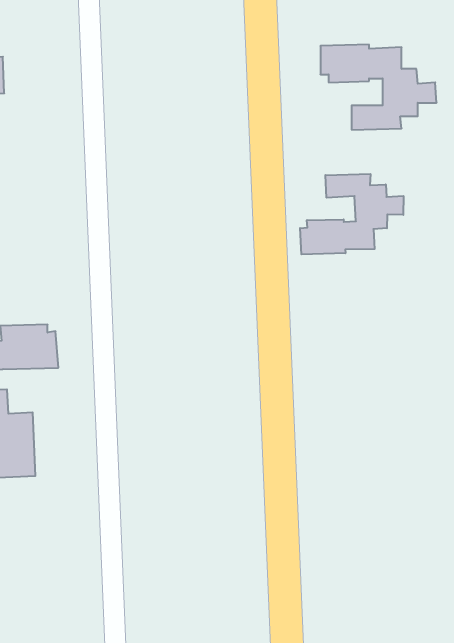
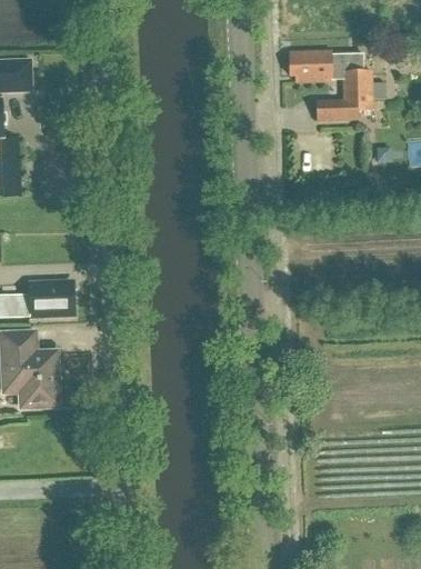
building: [300,174,403,254] -> none

